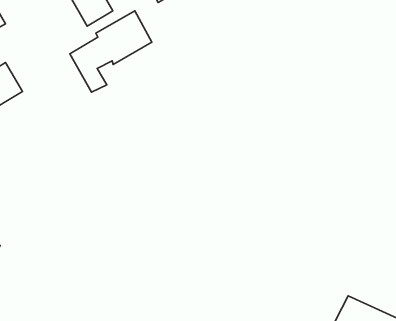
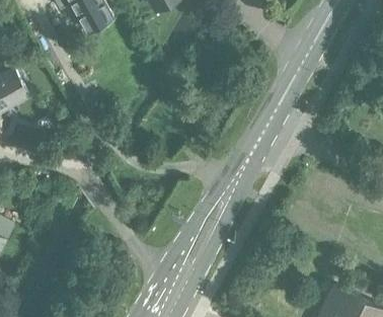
building: [70,11,152,92] -> none

